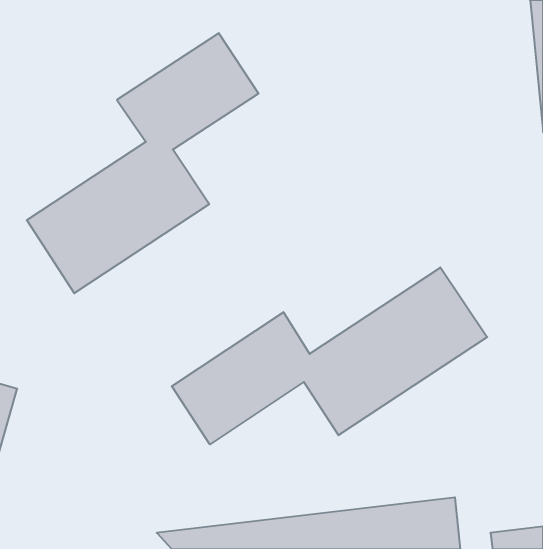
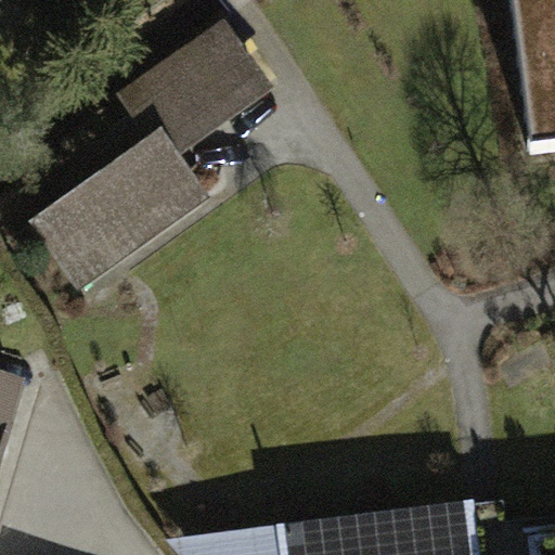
building: [172,267,487,444] -> none

